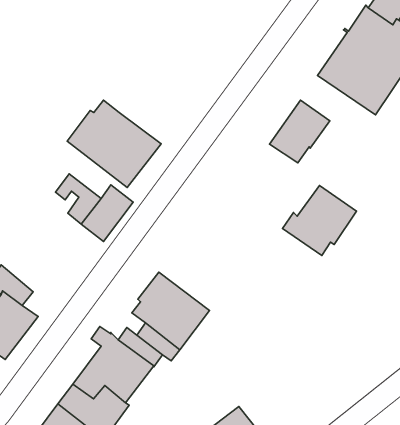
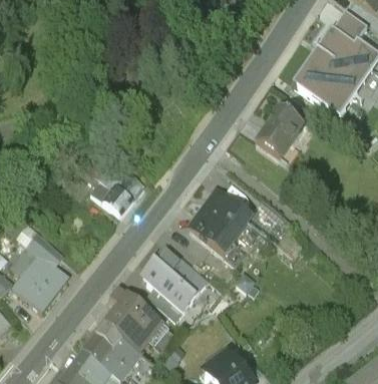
building: [67,100,161,187] -> none
building: [283,185,356,256] -> [190,188,250,246]

